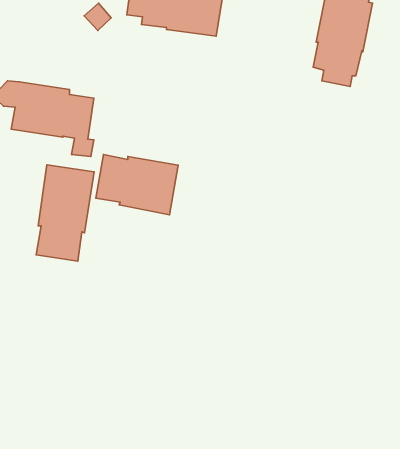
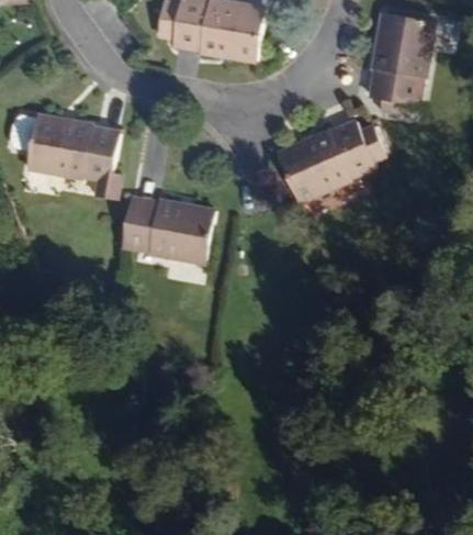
building: none -> [274,121,387,203]
building: [36,165,94,261] -> none

